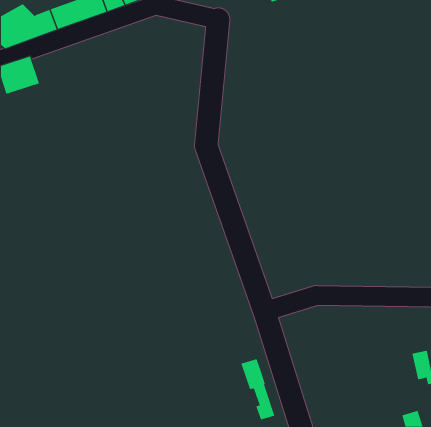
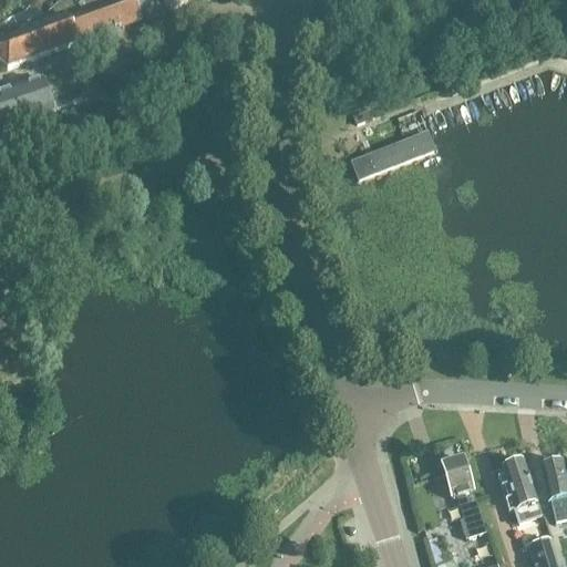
building: none -> [352,128,434,176]
building: none -> [502,457,543,522]
building: [240,358,275,420] -> [440,455,485,536]

